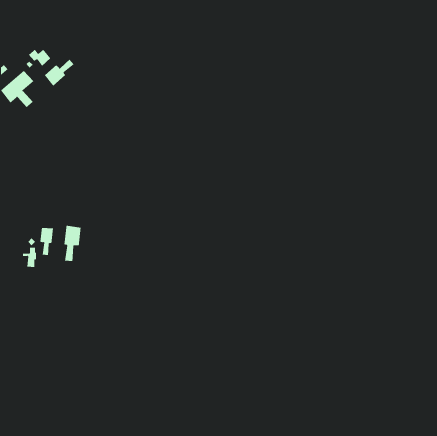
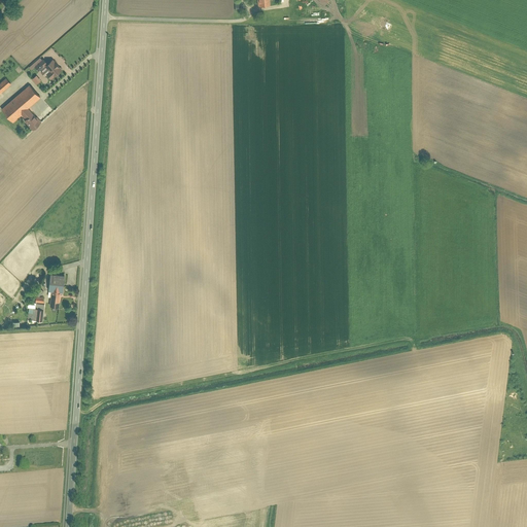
building: [44,59,75,86] -> none
building: [64,225,81,262] -> none

